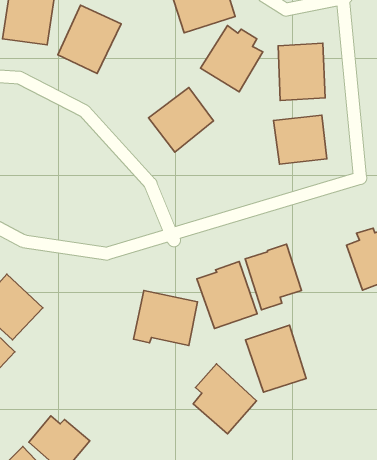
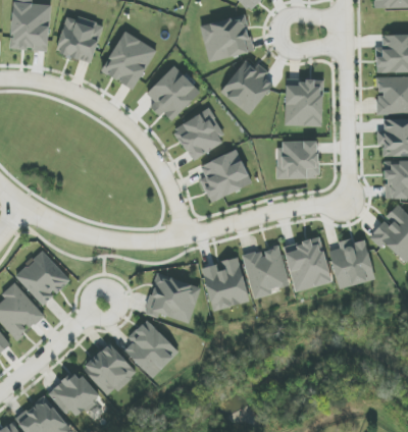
building: none -> [145,64,200,119]
building: none -> [200,148,251,201]
building: [246,325,306,392] -> [283,236,330,290]
building: [193,364,256,434] -> [124,318,177,377]
building: none -> [82,342,137,394]

